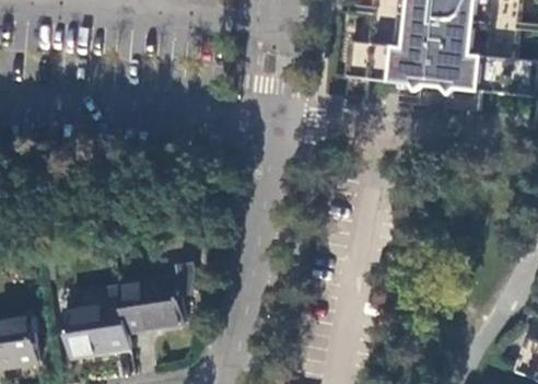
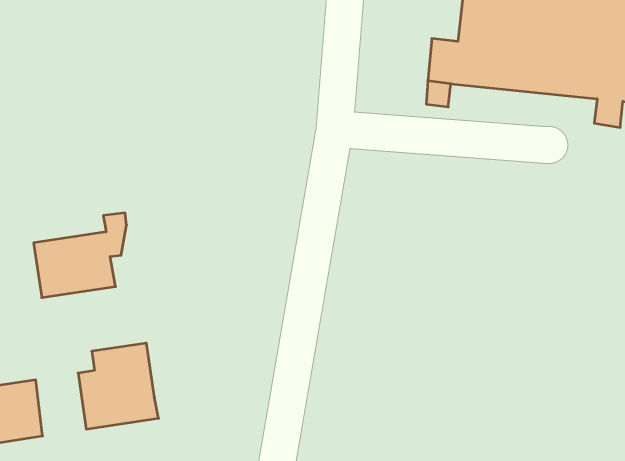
building: [119,261,194,329] -> [34,213,127,298]

